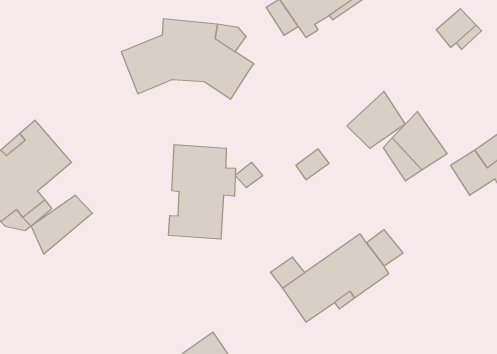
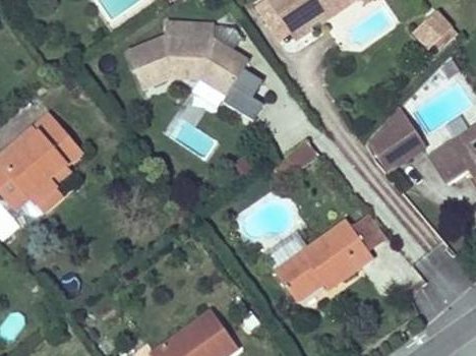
building: none -> [223,70,263,121]
building: [347,91,405,149] -> none
building: [169,144,235,239] -> none
building: [31,195,93,254] -> none

